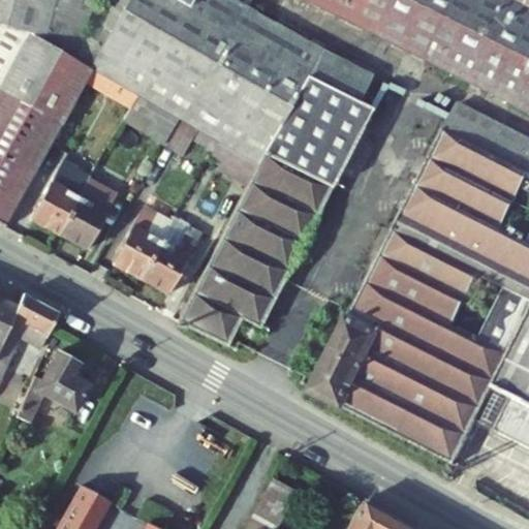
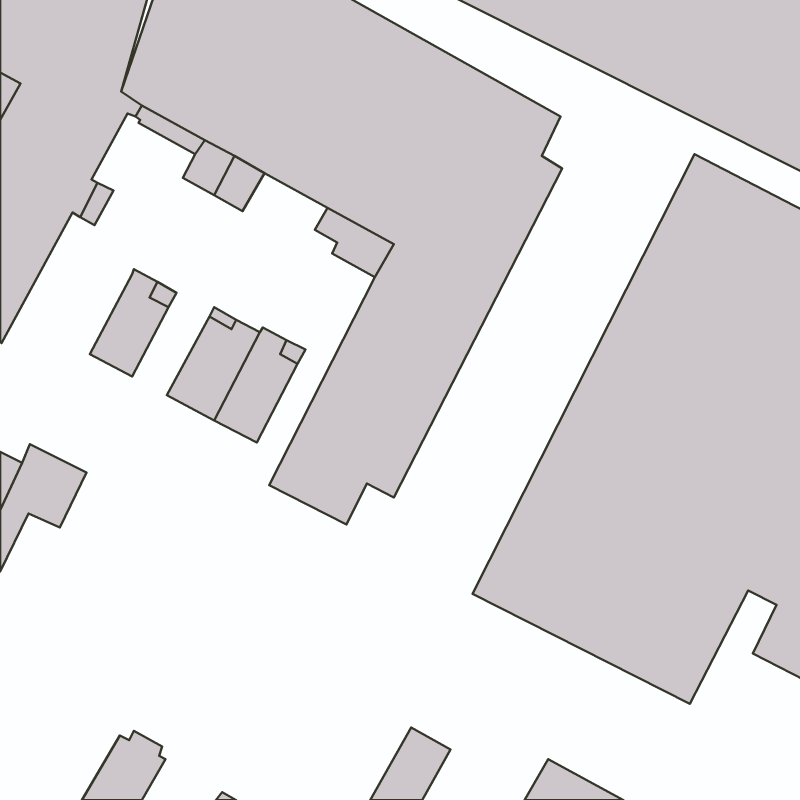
building: [162,114,218,149] -> none
building: [32,157,90,232] -> none
building: [18,350,91,421] -> none

